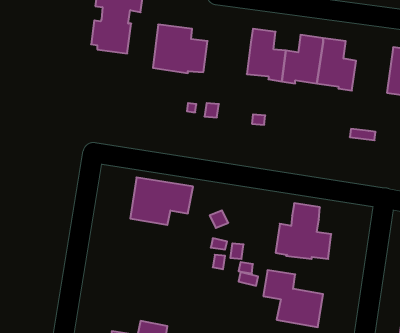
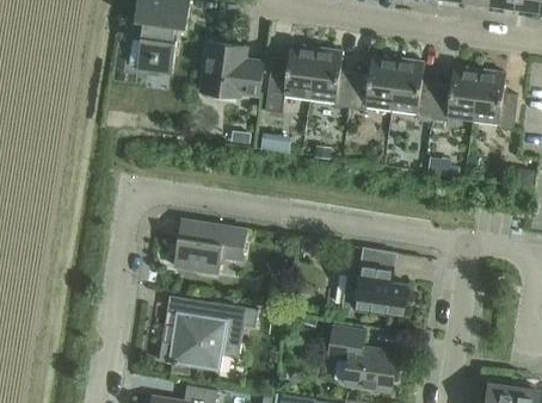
building: none -> [267,43,316,99]
building: none -> [431,66,479,120]
building: none -> [159,302,259,371]

